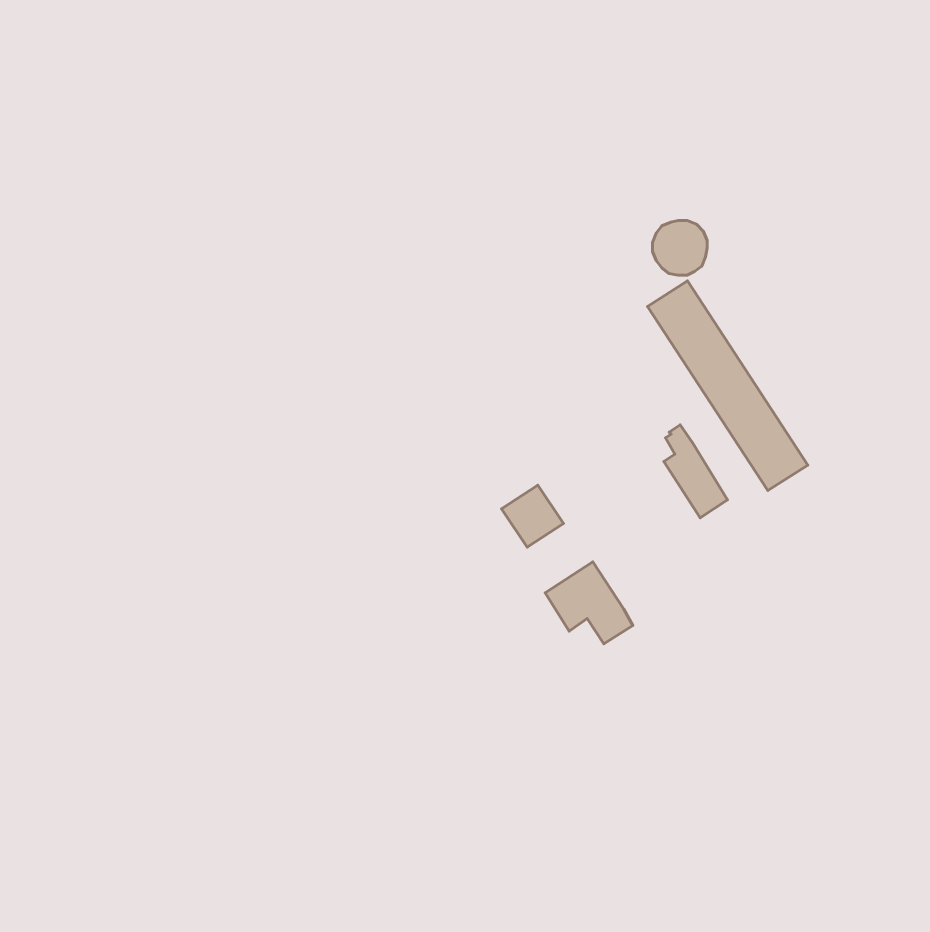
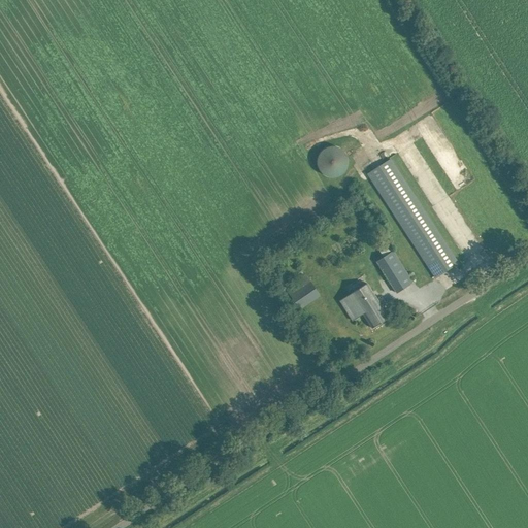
building: [653,220,707,275] -> [316,146,346,177]
building: [545,562,633,644] -> [338,282,388,328]

